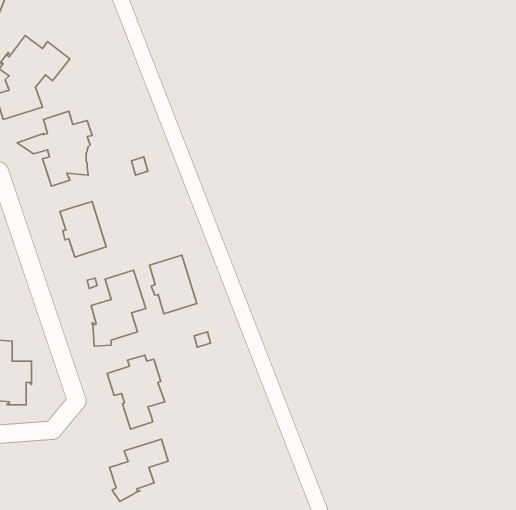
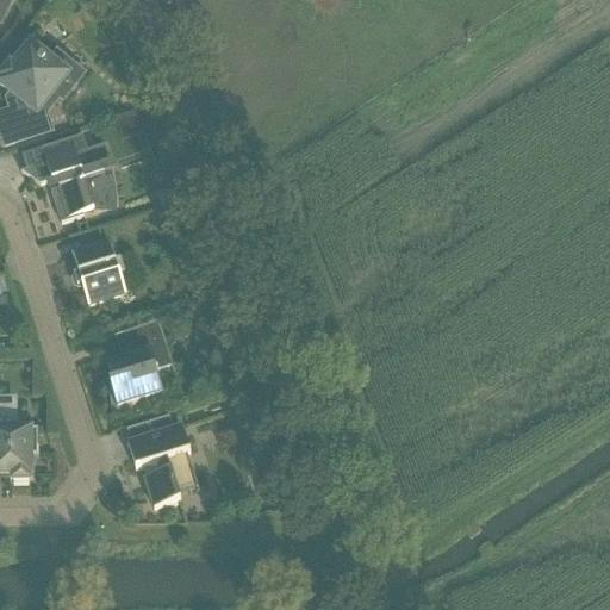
building: [149,255,197,314] -> none
building: [110,439,168,501] -> none

